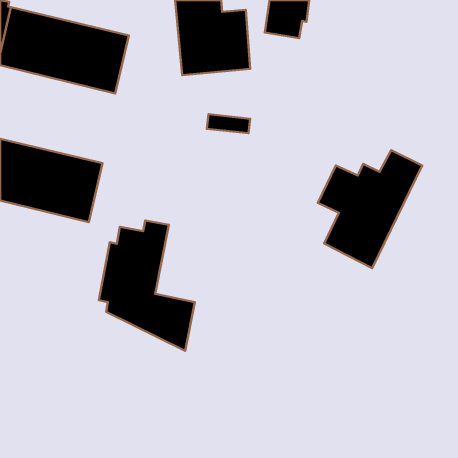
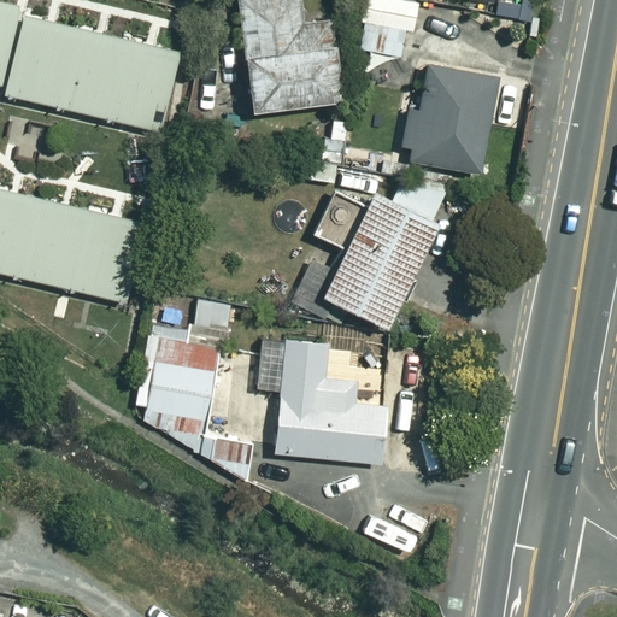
building: none -> [402,64,503,176]
building: [318,150,422,268] -> [312,168,451,324]
building: none -> [258,335,387,464]

